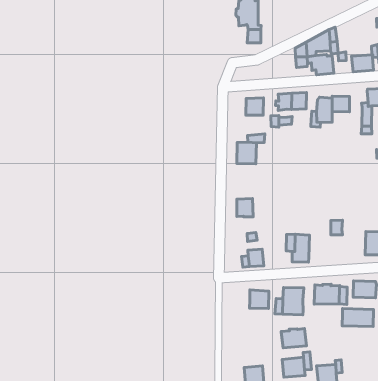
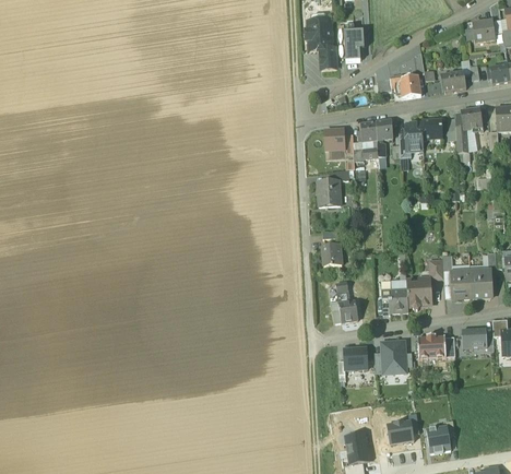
building: none -> [344,31,365,60]
building: none -> [450,272,472,299]
building: none -> [407,281,430,308]
building: [342,309,374,327] -> none
building: [281,328,307,348] -> none

